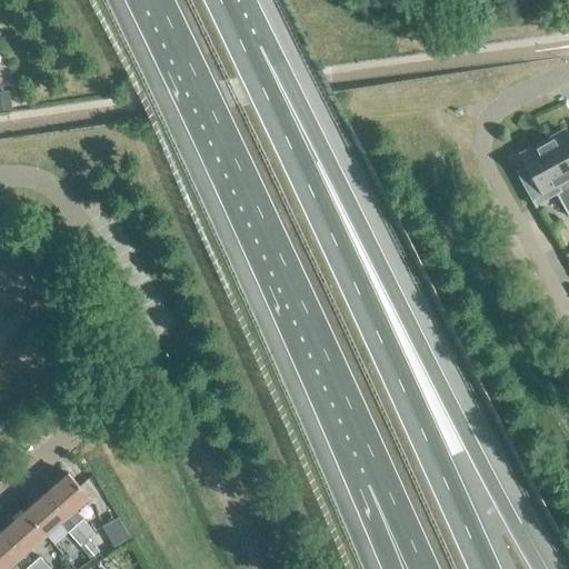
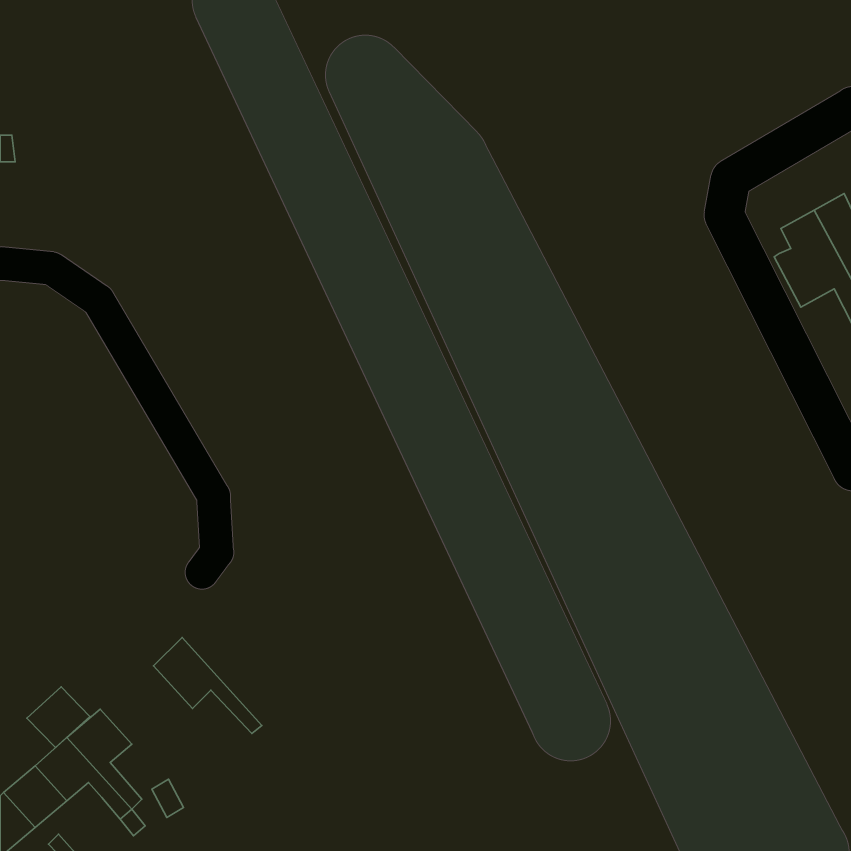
building: none -> [154,638,262,734]
building: none -> [27,687,90,748]

